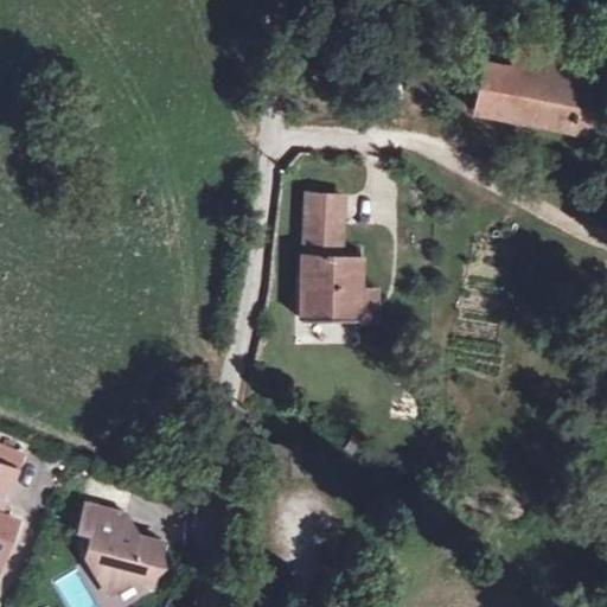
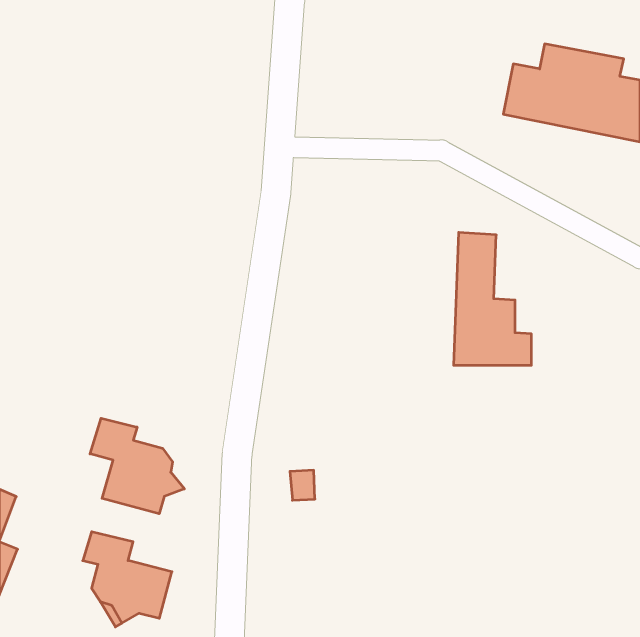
building: [301,197,375,322] -> [454,232,531,365]
building: none -> [90,418,184,514]

